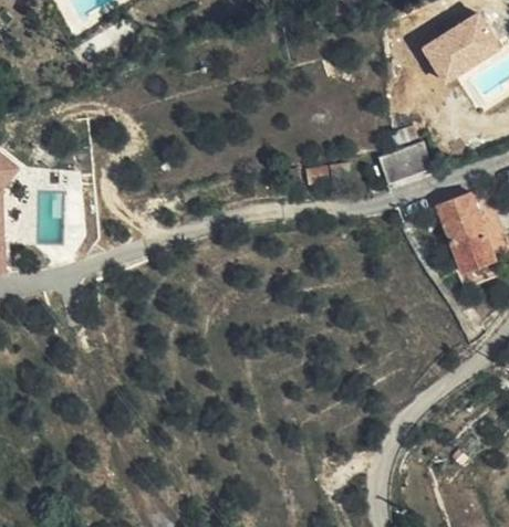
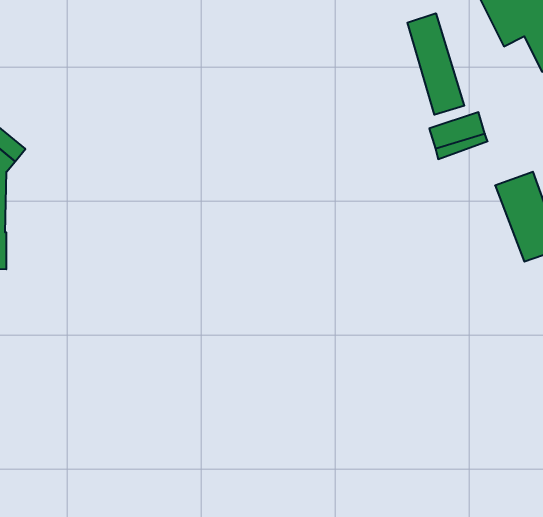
building: none -> [407,13,464,115]

